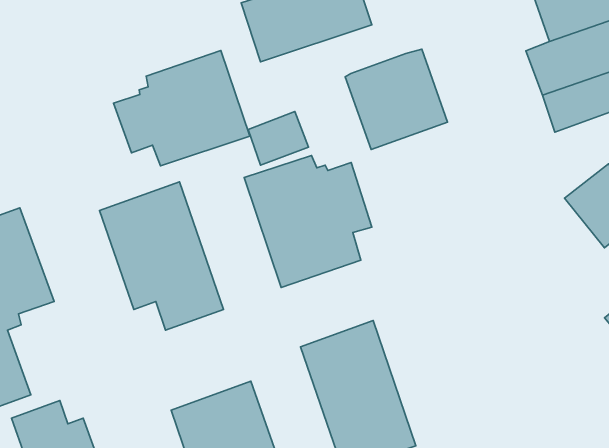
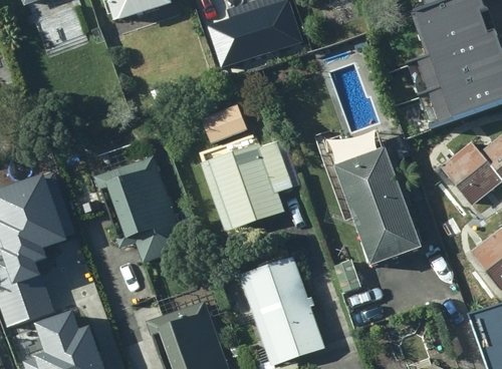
building: [345,49,448,150] -> none
building: [114,51,250,166] -> none
building: none -> [325,130,430,270]

